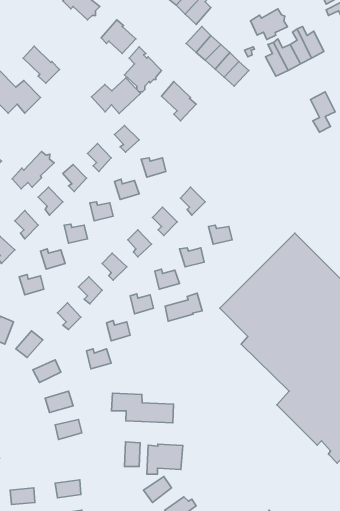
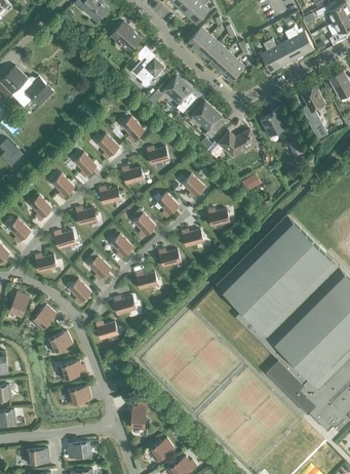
building: [251,9,288,40] -> none
building: [23,46,59,83] -> none
building: [92,78,141,113] -> none
building: none -> [193,104,225,139]
building: none -> [260,108,287,136]
building: none -> [218,129,257,156]
building: [12,152,54,189] -> none
building: [165,293,202,321] -> none
building: [112,393,174,423] -> none
building: [147,444,183,474] -> none

